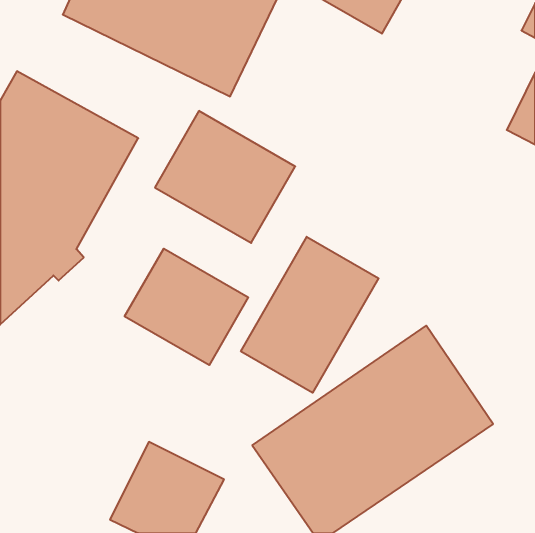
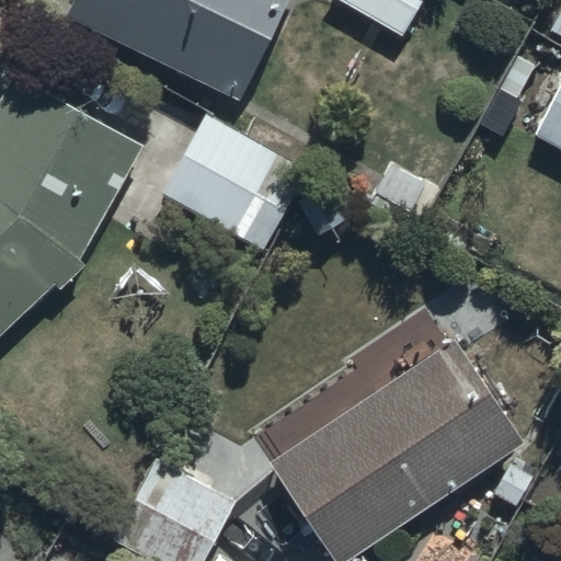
building: [241,237,379,393] -> none
building: [125,249,248,365] -> none

